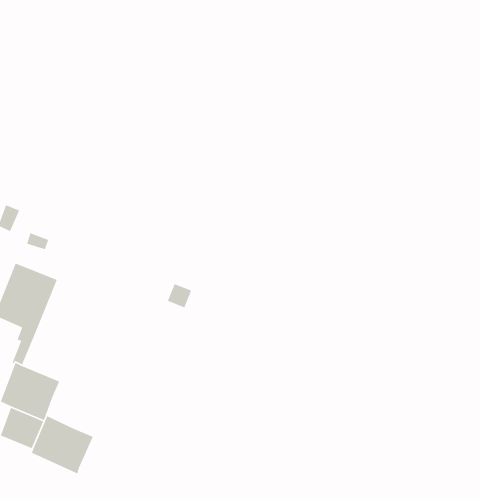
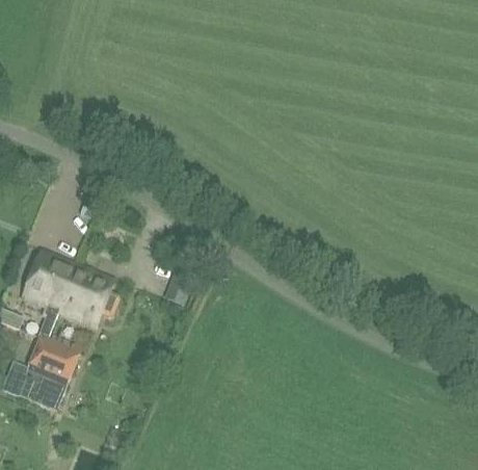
building: none -> [56,266,117,328]
building: [31,415,94,474] -> none

